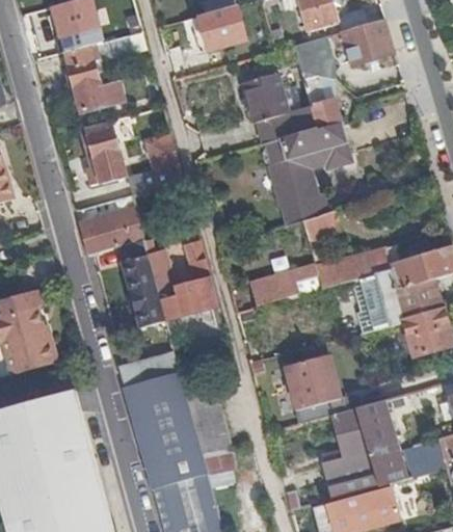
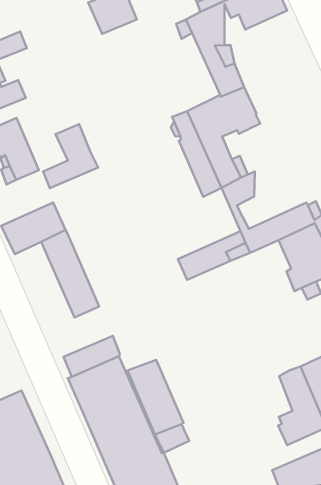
building: [242,72,316,142] -> none
building: [143,239,222,339] -> none
building: [283,354,344,424] -> none

